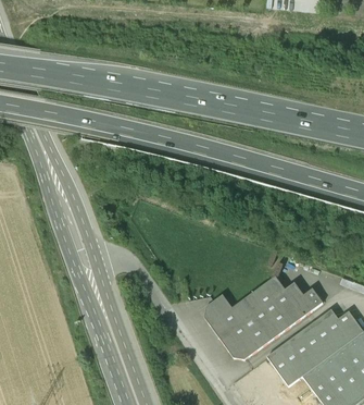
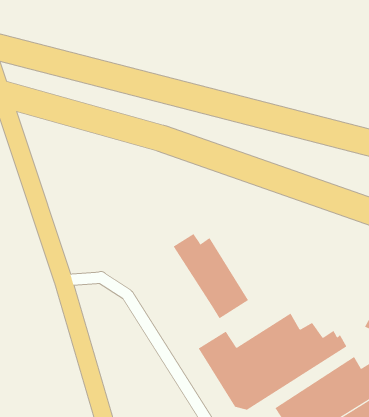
building: none -> [173,233,249,319]

